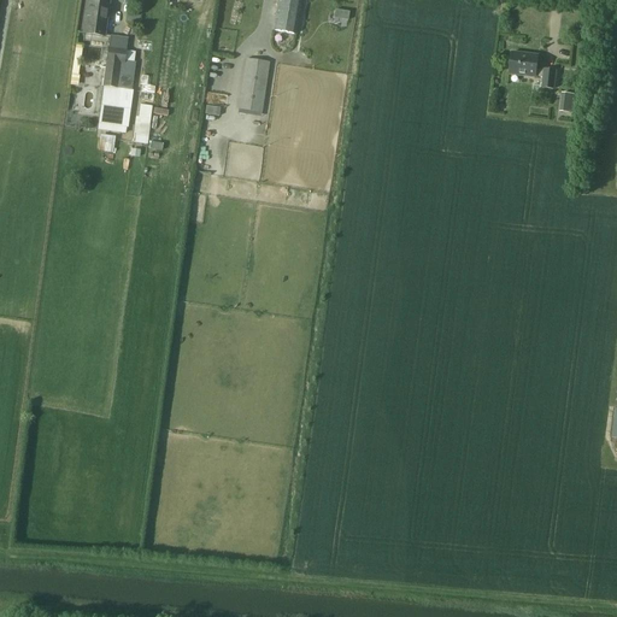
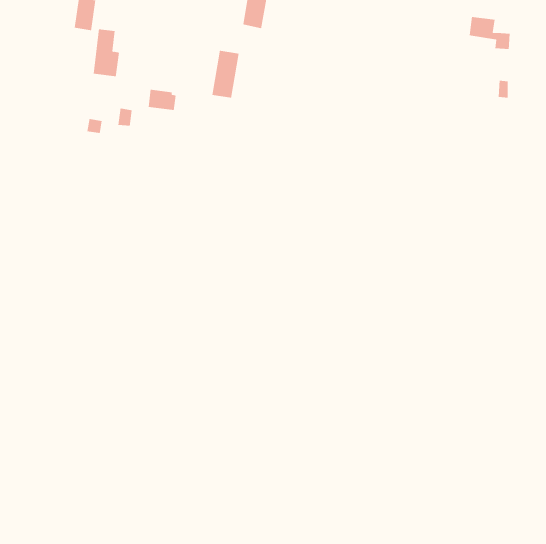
building: [510,49,557,87] -> [469,16,511,49]
building: [100,94,133,118] -> [148,89,177,110]

